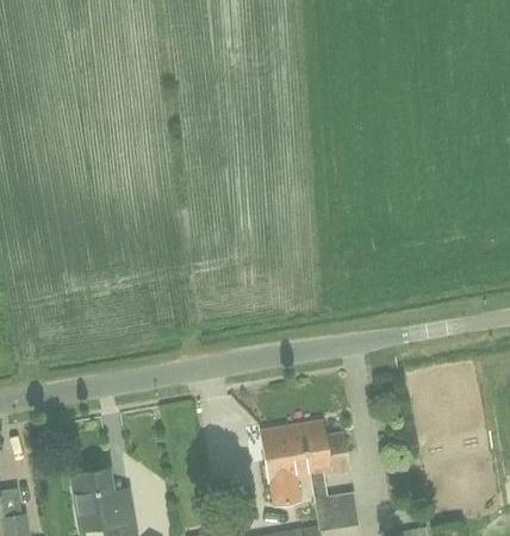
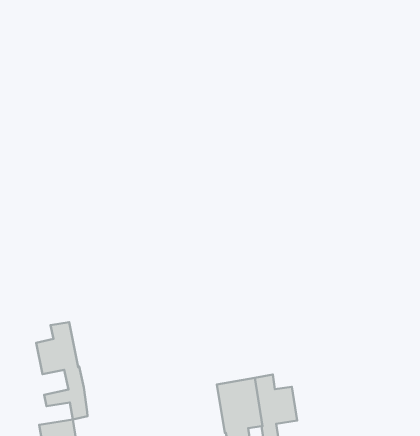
building: none -> [36,322,88,419]

